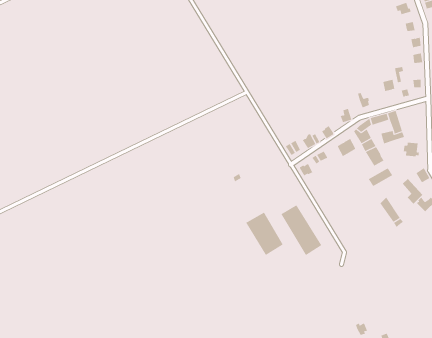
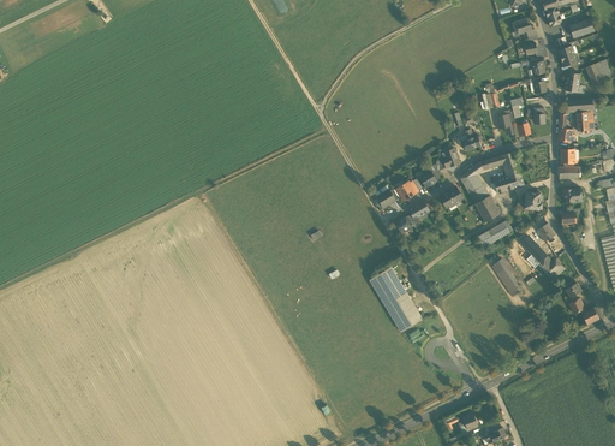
building: [246,212,283,256] -> none

